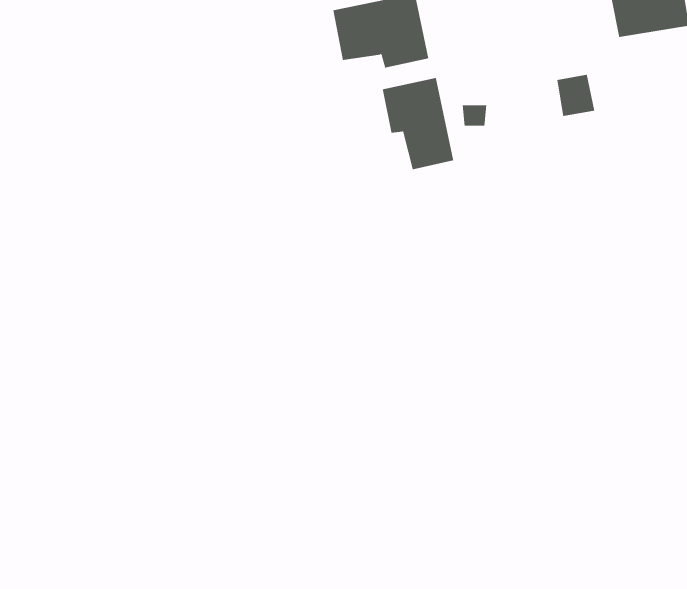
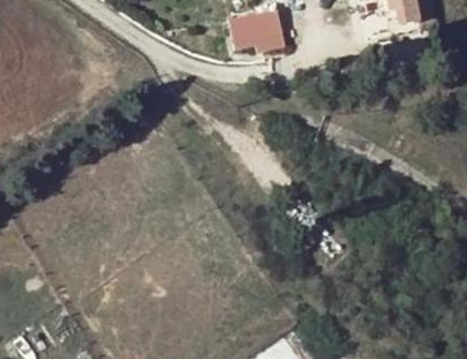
building: [382,77,454,170] -> none

